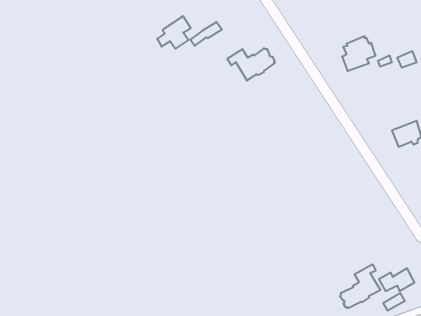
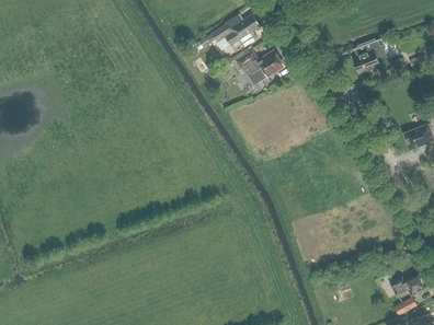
building: [157,16,191,49] -> [226,13,260,46]
building: [340,264,380,308] -> none

